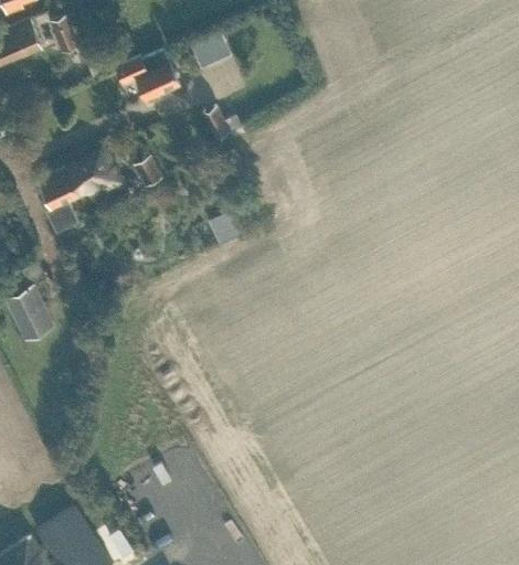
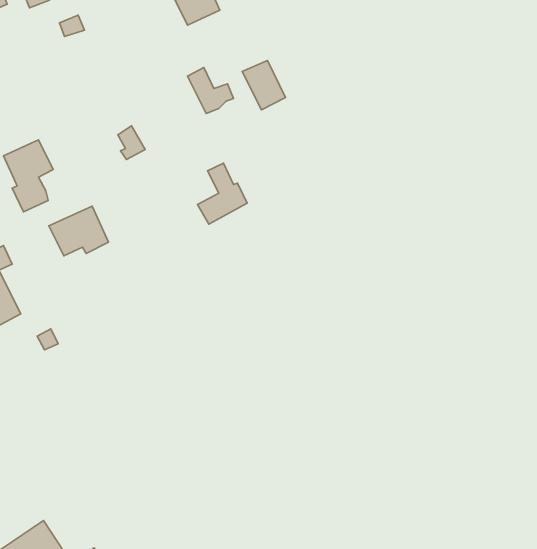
building: [117,52,179,102] -> none
building: none -> [242,61,286,110]
building: [70,152,123,196] -> [49,206,108,256]

